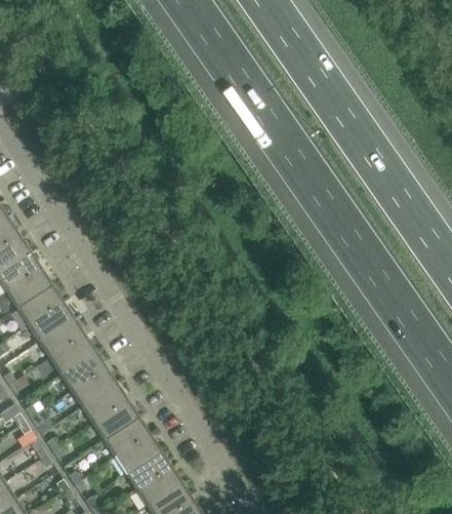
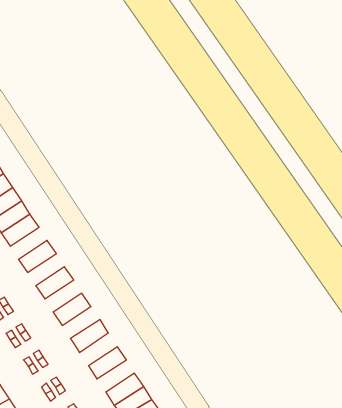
building: [17,285,64,325] -> none
building: [39,318,85,358] -> none
building: [60,351,107,391] -> none
building: [82,384,129,424] -> none
building: [104,417,151,458] -> none
building: [125,450,172,490] -> none

